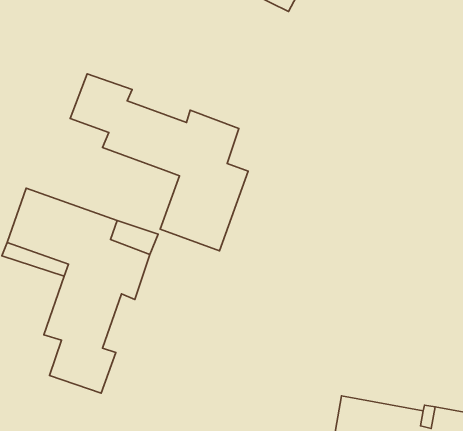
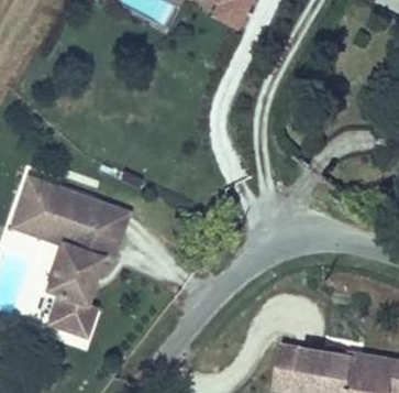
building: [70,74,248,251] -> none

